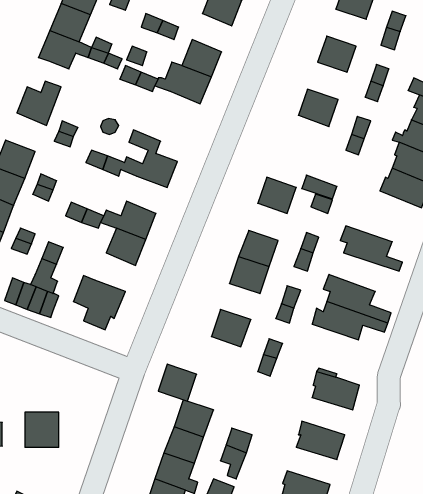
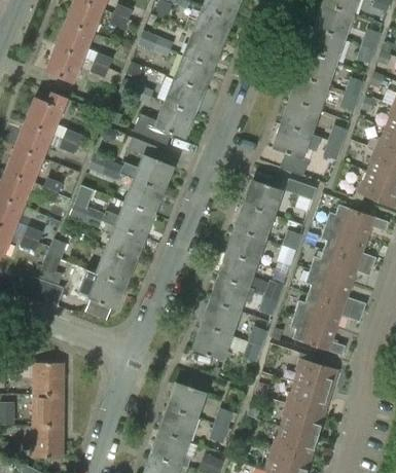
building: none -> [308,28,344,62]
building: none -> [185,32,221,67]
building: none -> [290,76,326,110]
building: none -> [132,103,192,145]
building: none -> [15,122,52,157]
building: none -> [274,124,322,177]
building: none -> [125,180,163,214]
building: none -> [237,205,272,239]
building: none -> [325,205,389,240]
building: none -> [97,250,134,285]
building: none -> [310,250,373,285]
building: none -> [211,278,253,311]
building: none -> [290,315,346,356]
building: [158,364,197,401] -> [194,326,229,360]
building: none -> [20,364,64,395]
building: none -> [285,381,331,415]
building: none -> [32,427,64,459]
building: none -> [272,427,317,461]

